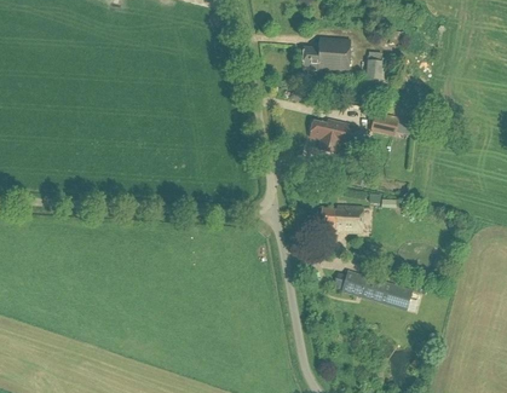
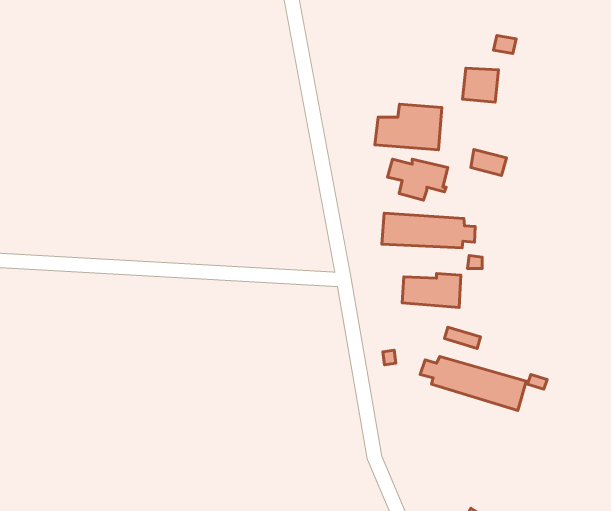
building: [300,37,350,71] -> [375,104,442,150]
building: none -> [382,213,475,248]

